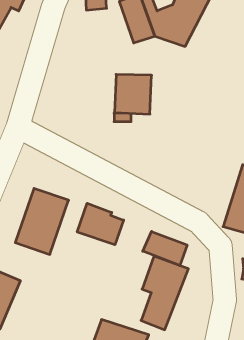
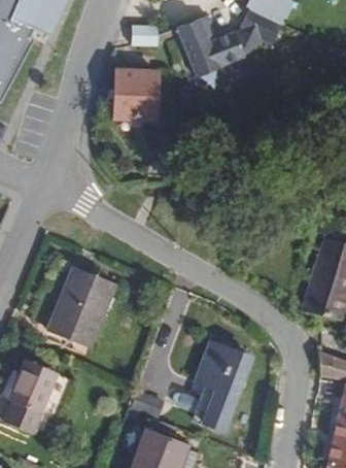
building: [114,74,152,114] -> [111,69,157,118]
building: [77,203,124,245] -> none
building: [143,231,187,266] -> none

